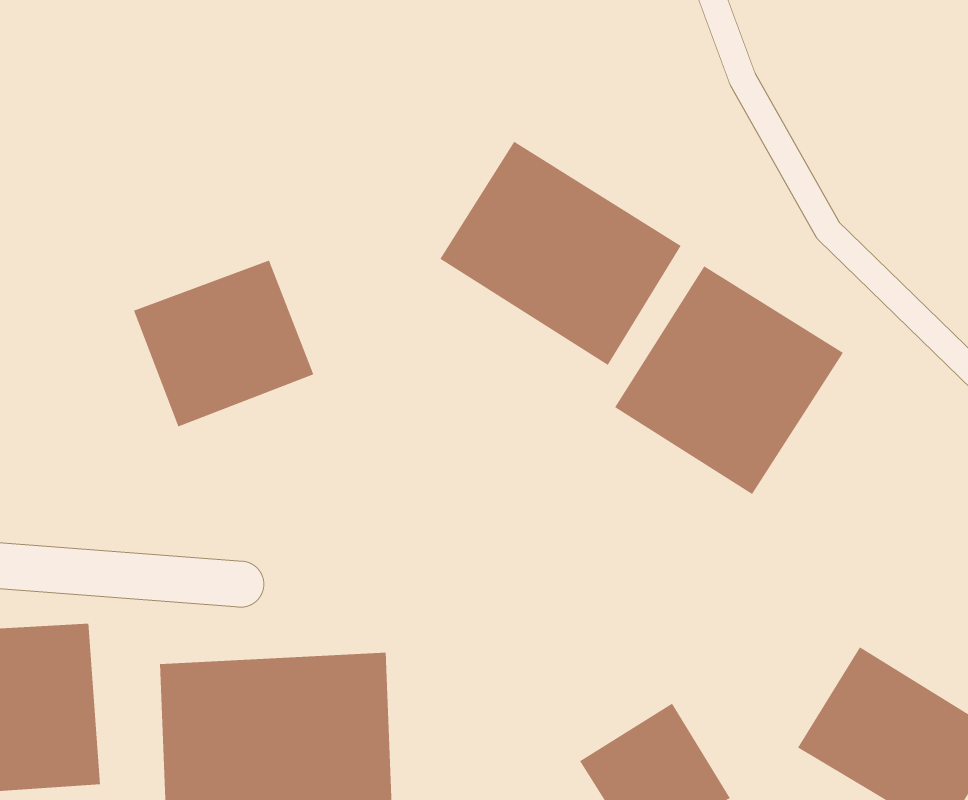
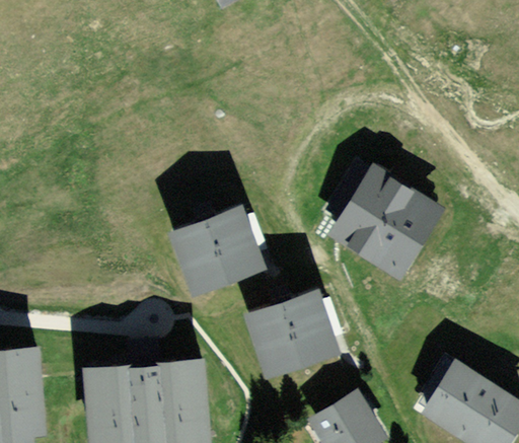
building: [439,141,681,366] -> none
building: [133,260,314,427] -> [169,206,264,293]
building: none -> [245,291,338,376]

